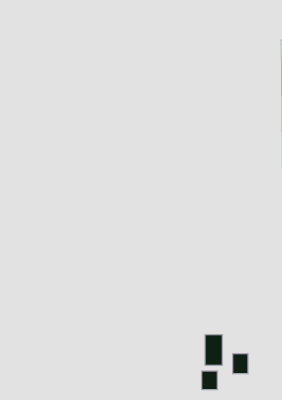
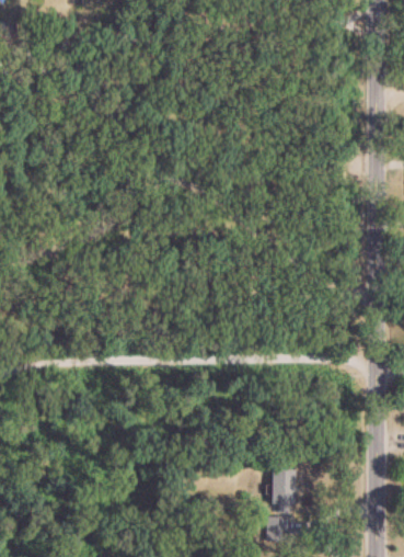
building: [233,354,248,374] -> none

